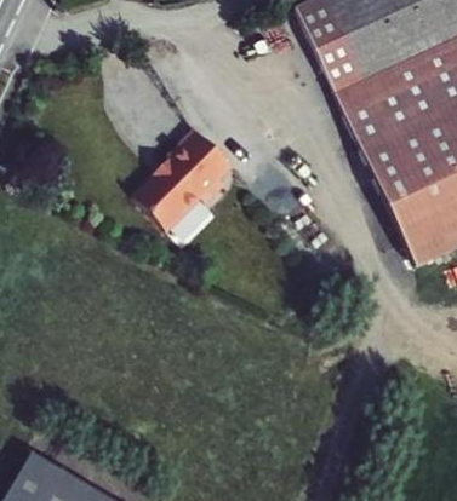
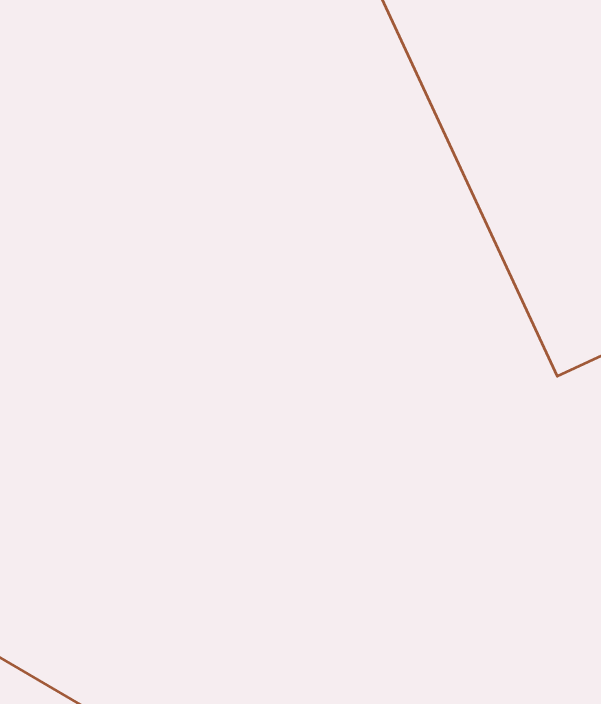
building: [136,128,234,229] -> none

